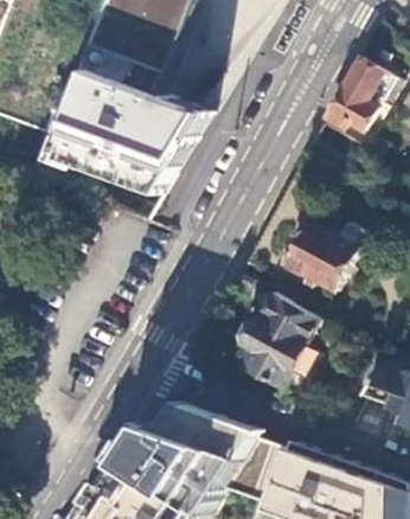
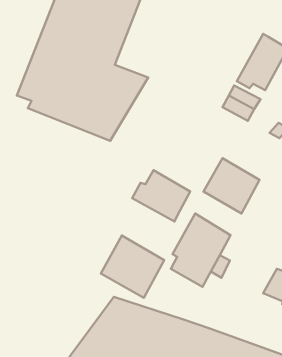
building: none -> [132,170,190,222]
building: none -> [101,235,164,298]

